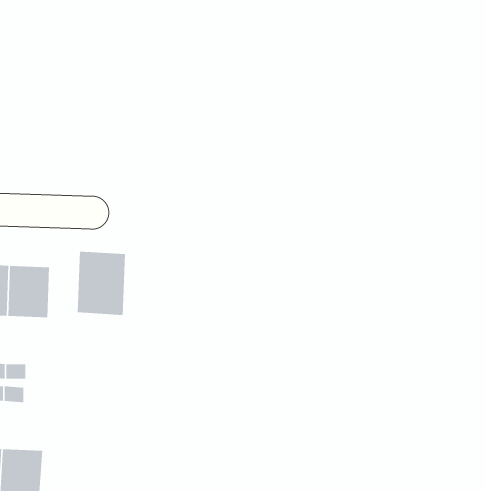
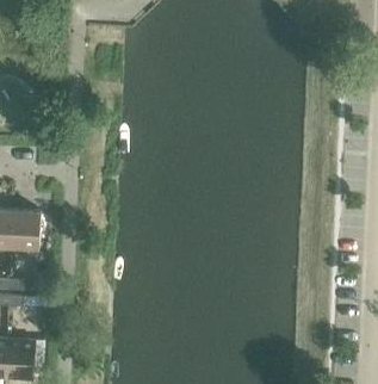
building: [77,251,125,316] -> none

